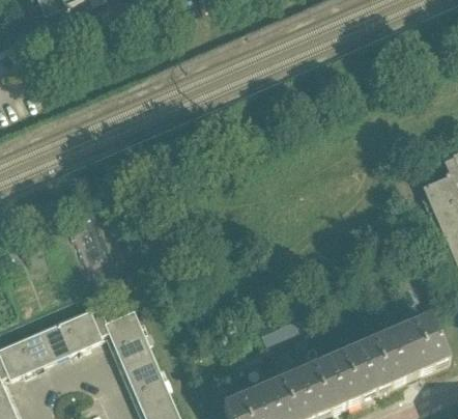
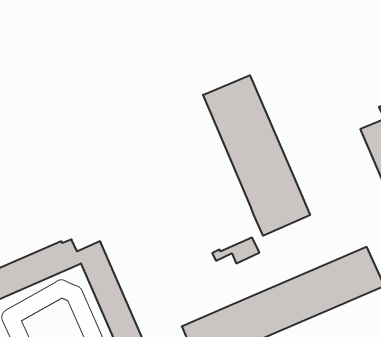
building: none -> [203,75,310,236]

